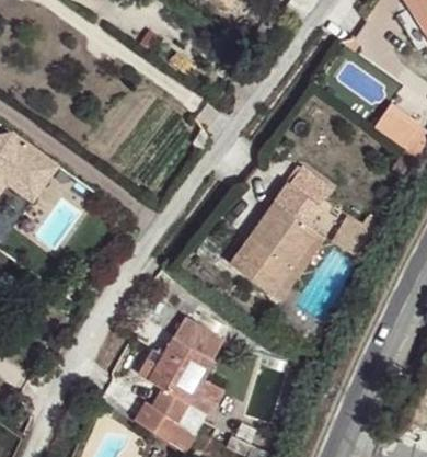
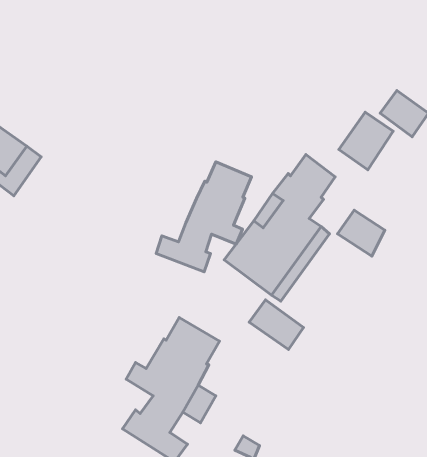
building: none -> [339,112,393,170]
building: none -> [156,162,252,272]
building: none -> [249,300,304,349]

